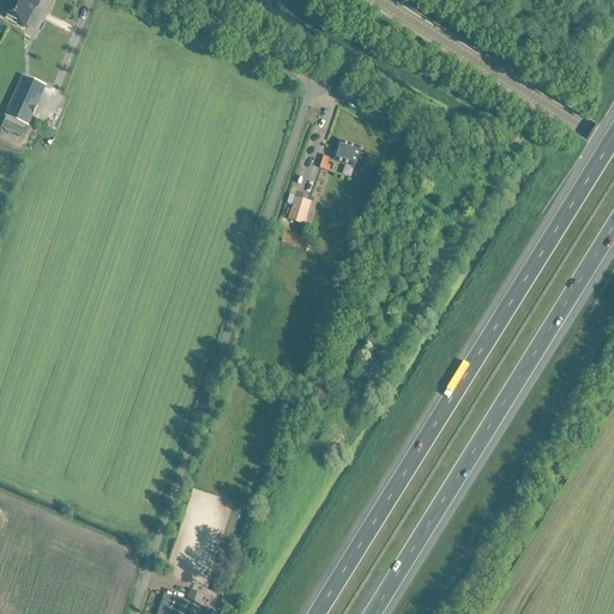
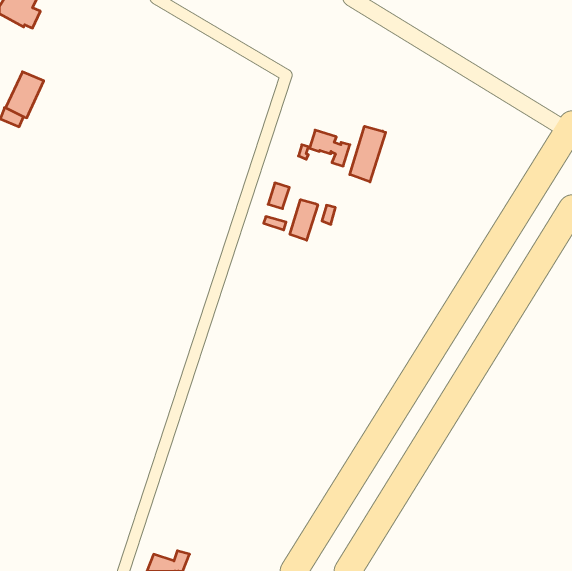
building: none -> [350,126,386,182]
building: none -> [290,200,318,240]

